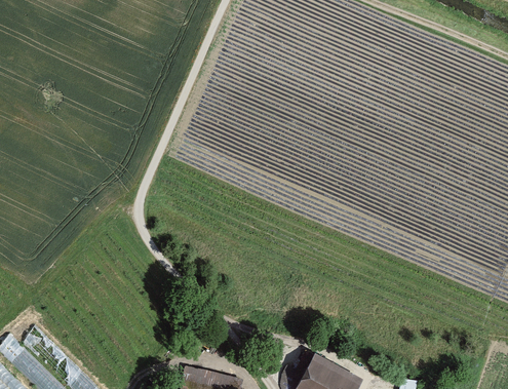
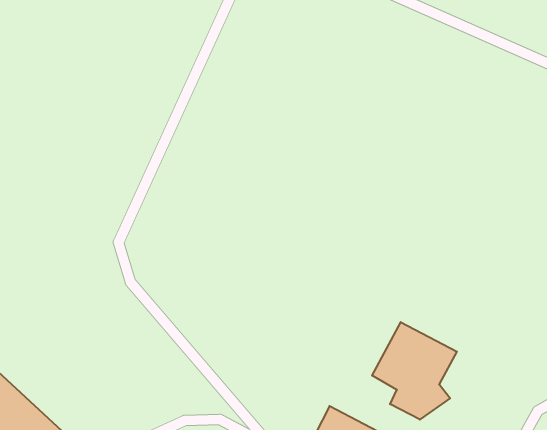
building: none -> [372,322,457,420]

